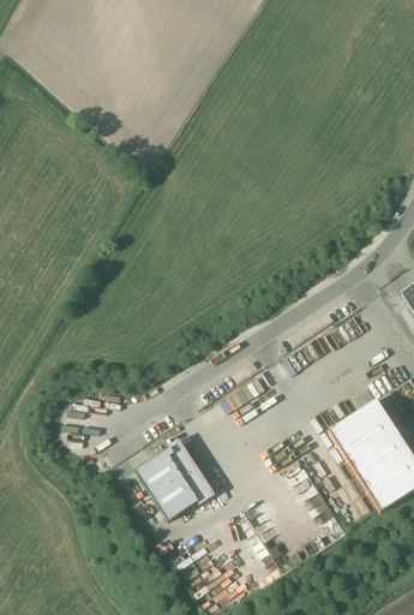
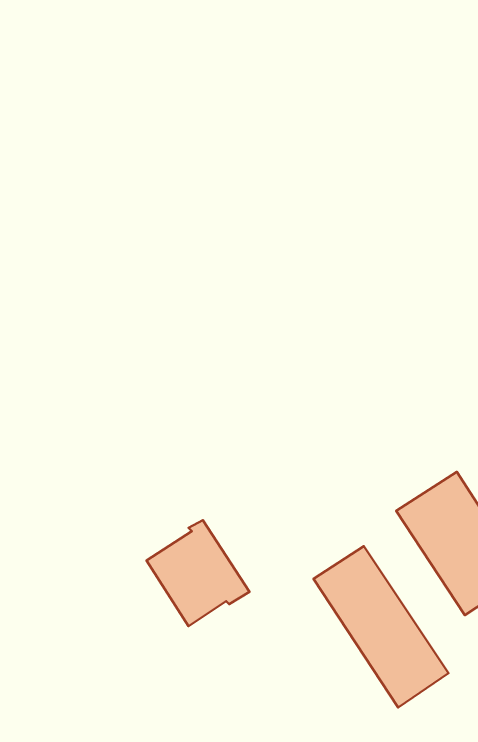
building: none -> [314,546,449,708]

